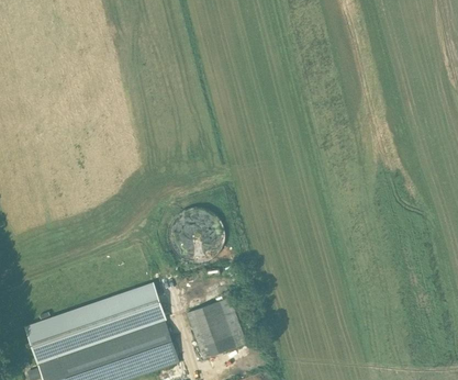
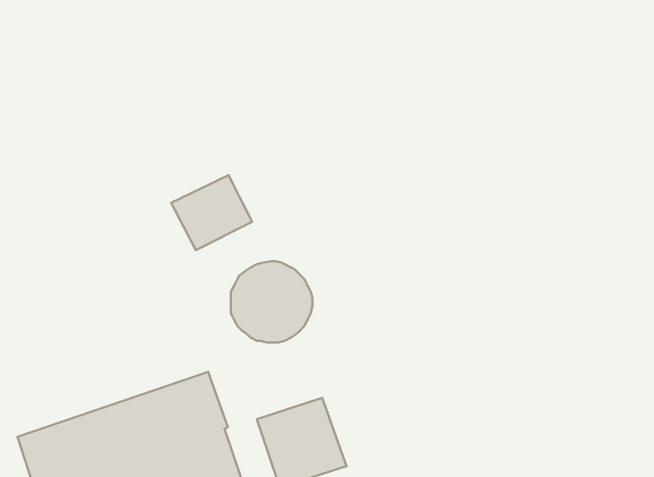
building: none -> [171,175,252,250]

